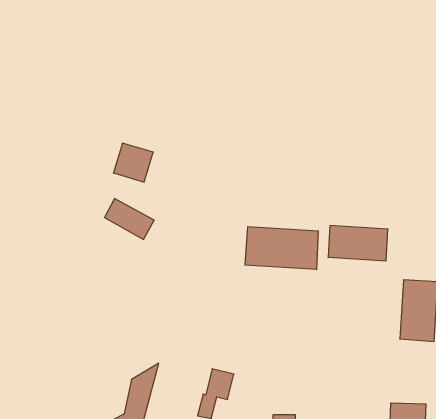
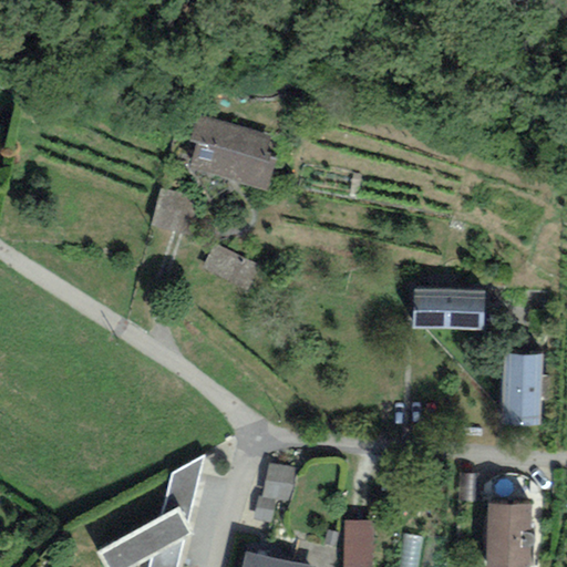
building: none -> [190,114,278,192]
building: [104,199,154,239] -> [202,243,262,292]
building: [245,227,318,270] -> none

